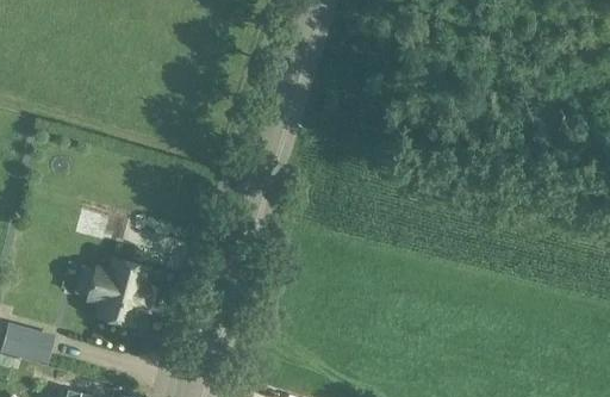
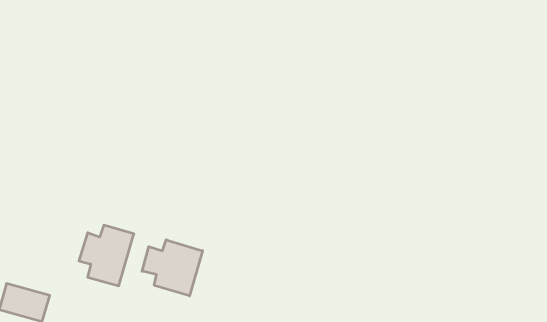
building: none -> [142,240,203,296]

